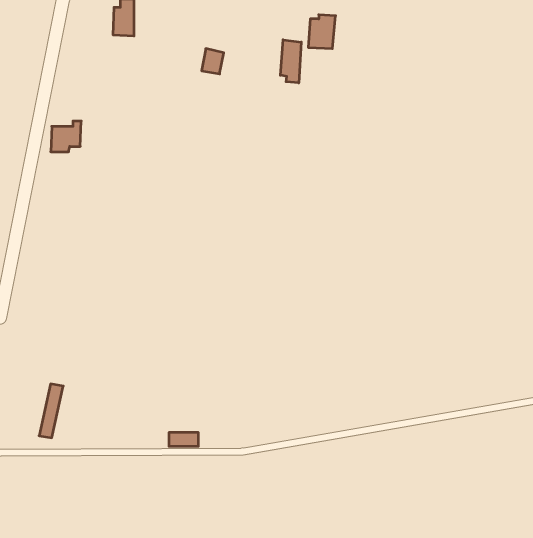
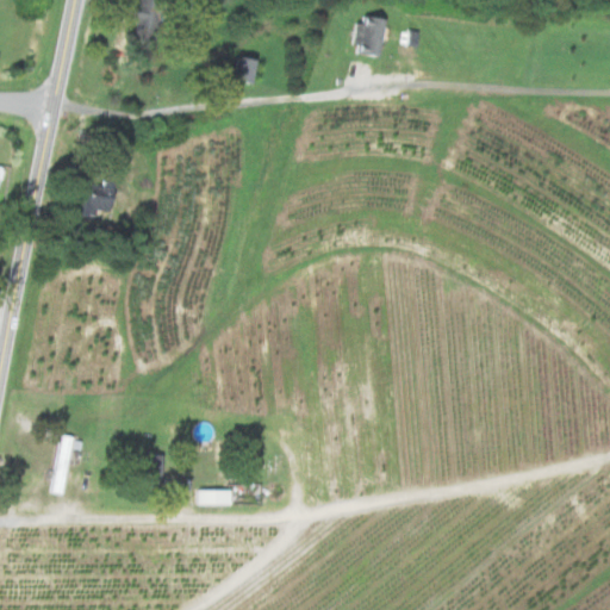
building: [280,40,301,83] -> none
building: [51,121,81,152] -> [77,181,112,216]

